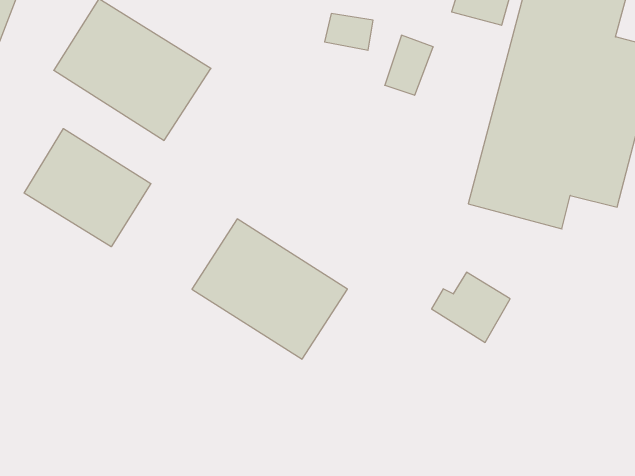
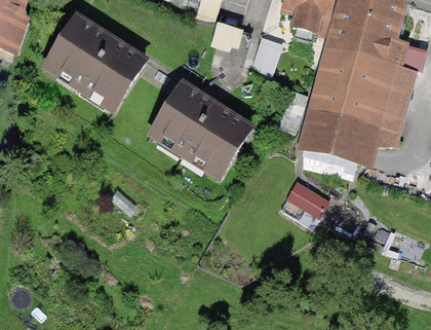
building: [24,129,151,247] -> none
building: [192,219,347,359] -> [154,83,249,170]

